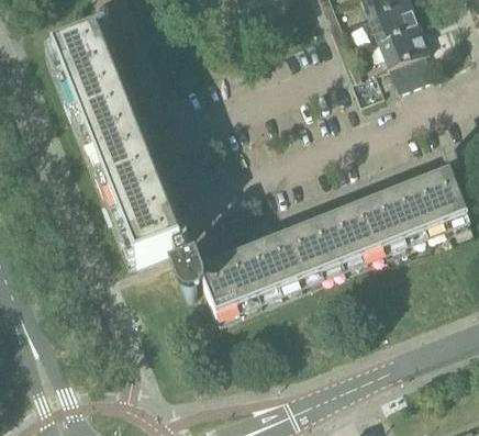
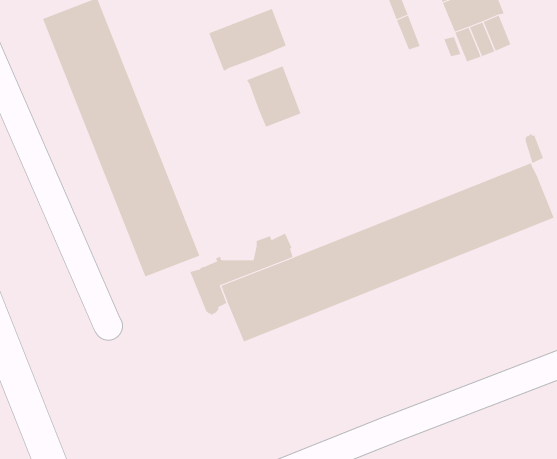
building: none -> [208,8,287,72]
building: none -> [246,65,301,127]

